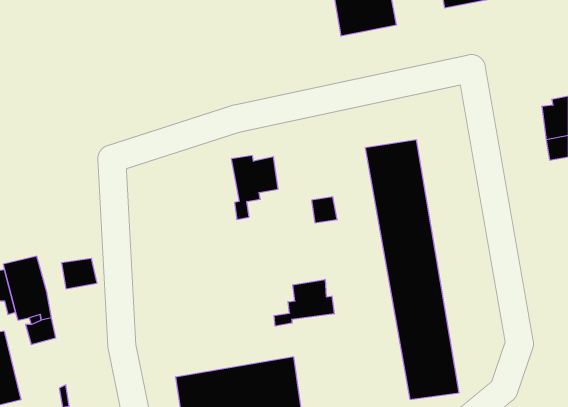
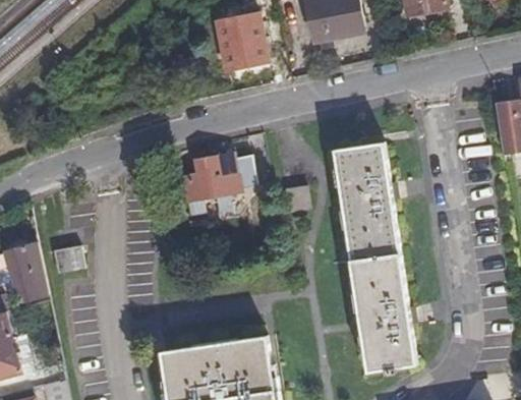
building: none -> [215,15,263,70]
building: none -> [181,155,218,212]
building: [274,279,334,326] -> none

